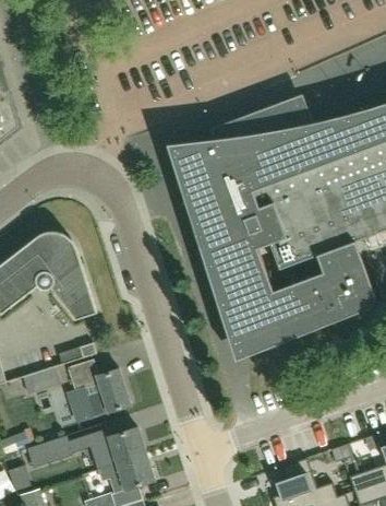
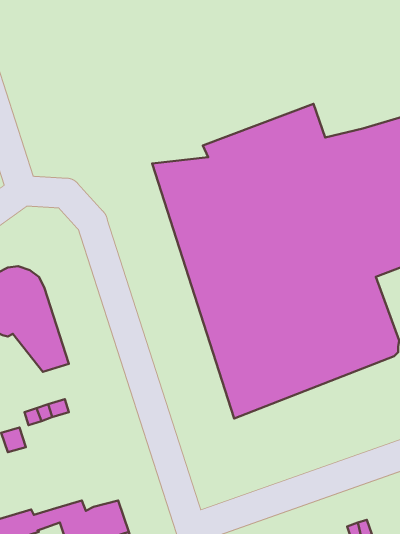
building: [64,361,130,424] -> none

